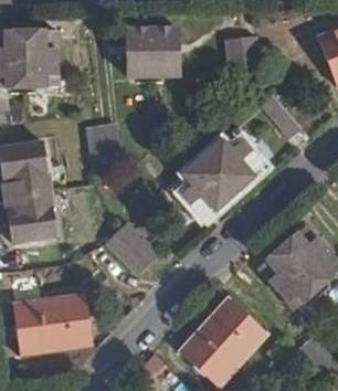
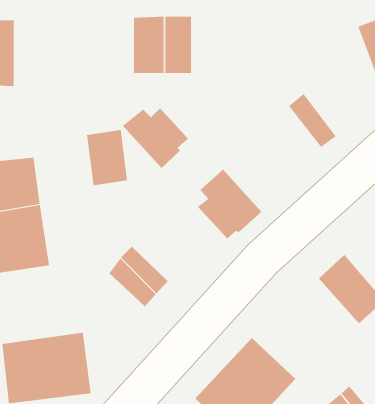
building: [27,30,54,86] -> none
building: [228,33,263,84] -> none
building: [203,140,260,192] -> [122,107,189,169]
building: [261,249,318,307] -> none

